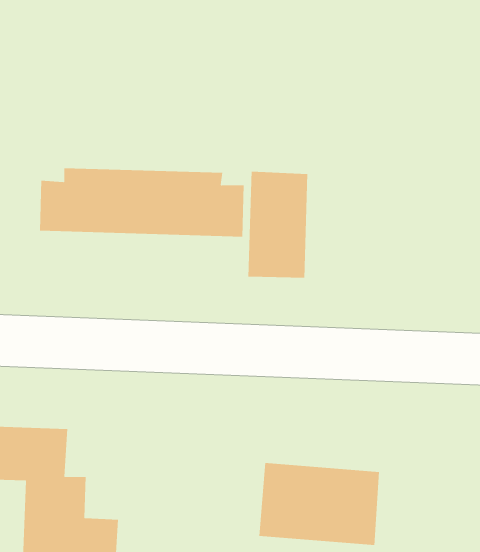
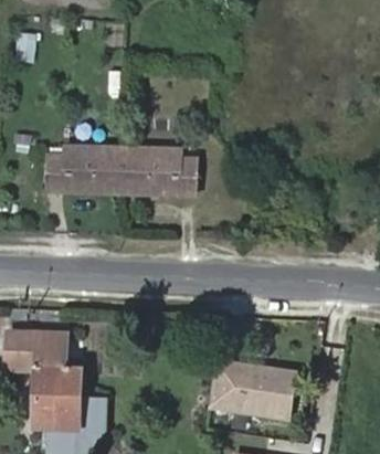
building: [248,171,308,279] -> none

